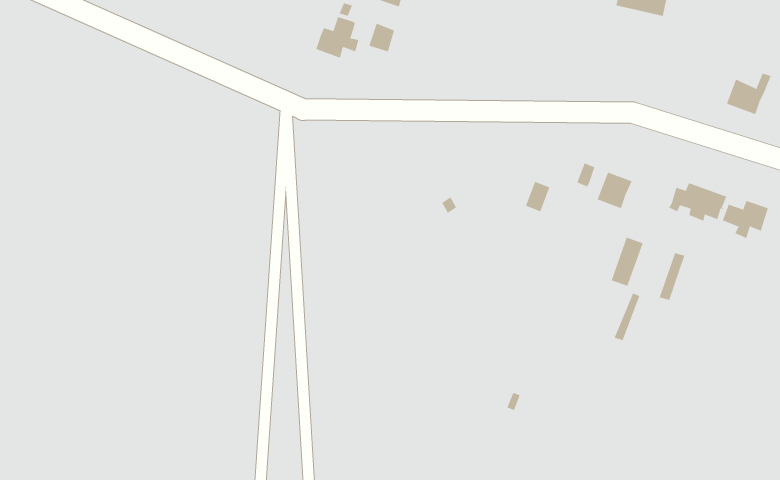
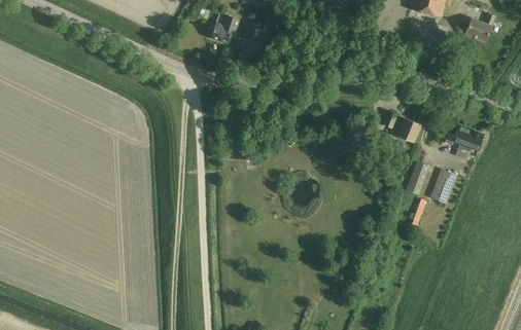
building: [726,73,771,115] -> [464,13,494,41]
building: [722,200,768,239] -> none

